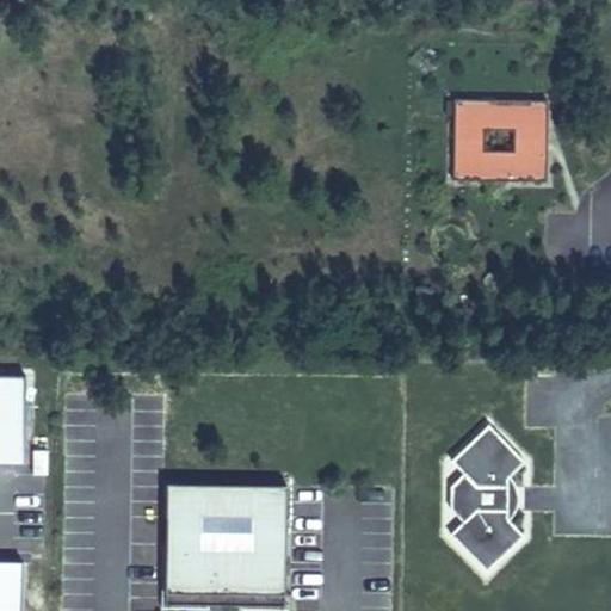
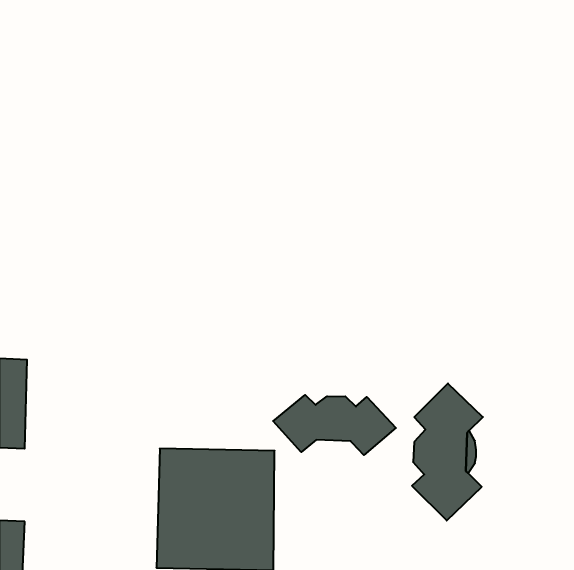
building: [455,109,545,187] -> none
building: none -> [273,395,396,455]

